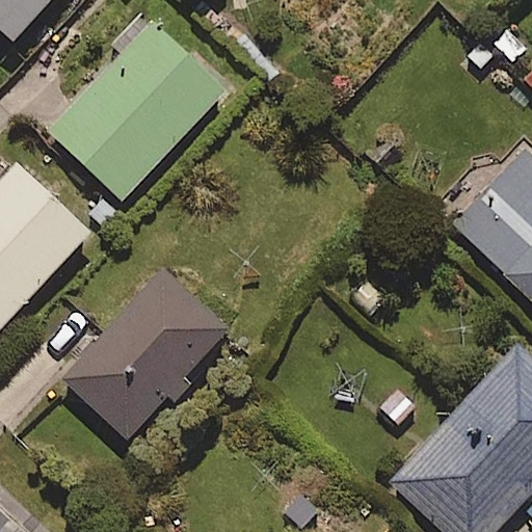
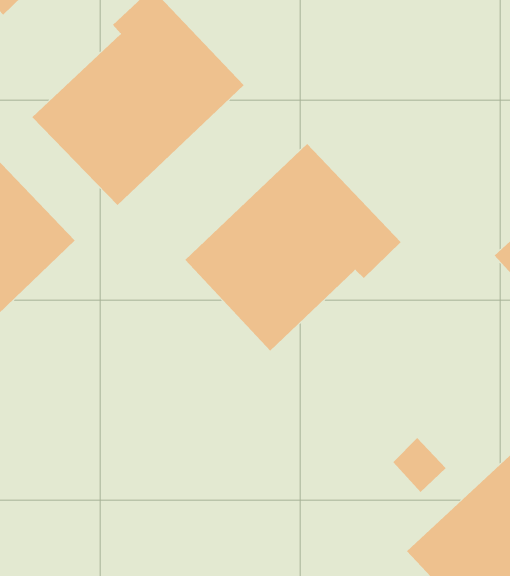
building: none -> [184,143,402,352]
building: [61,268,233,441] -> none

